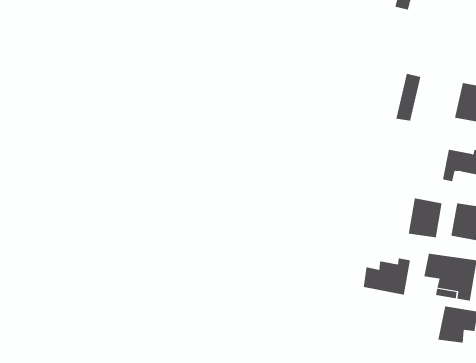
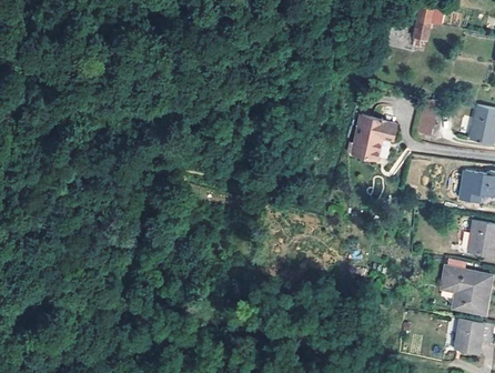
building: none -> [352,117,395,160]
building: [408,197,442,238] -> none
building: [363,258,410,296] -> none

